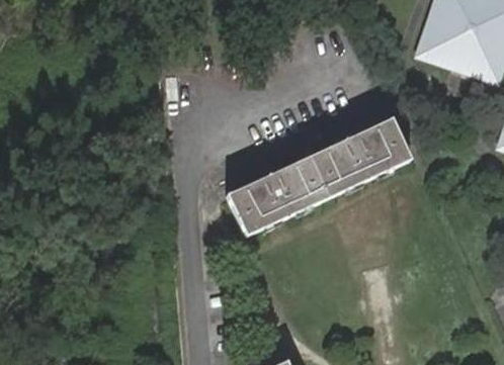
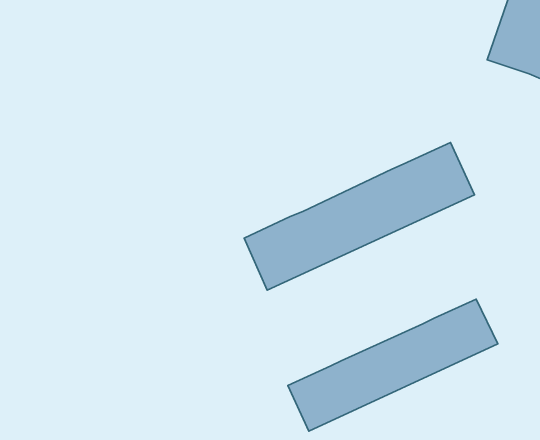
building: none -> [288,299,498,431]

